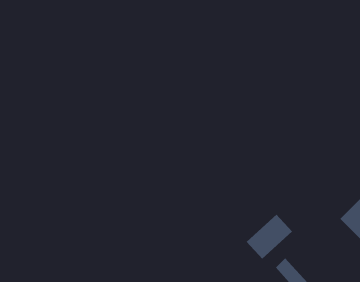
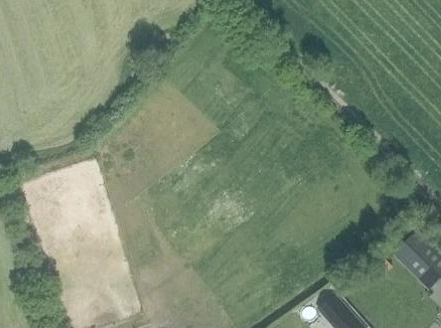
building: [246,214,293,260] -> none

